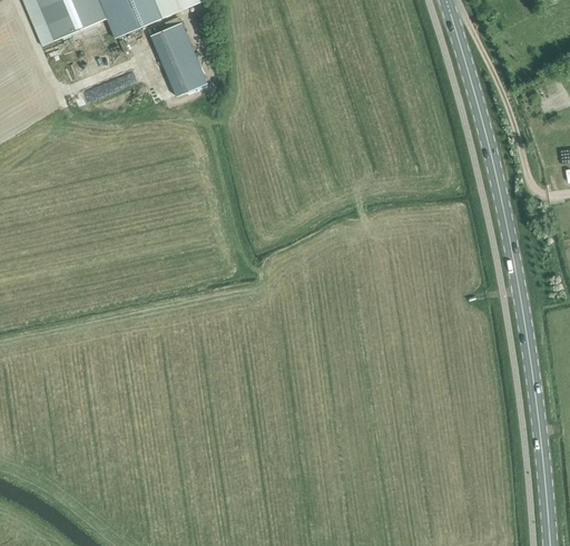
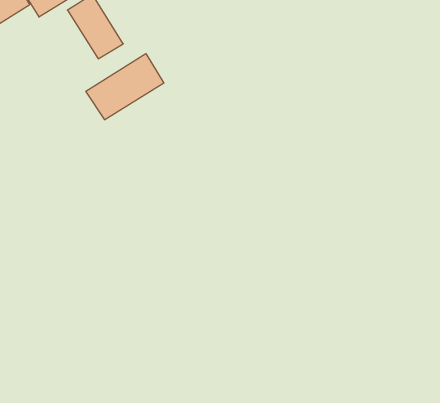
building: none -> [86,54,164,120]

